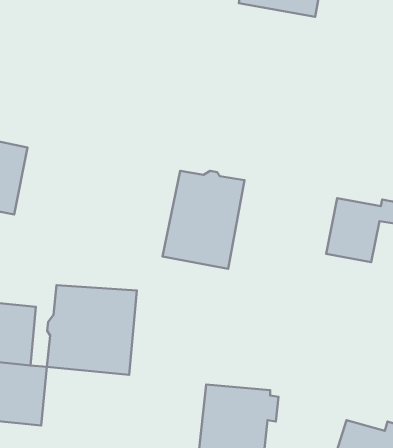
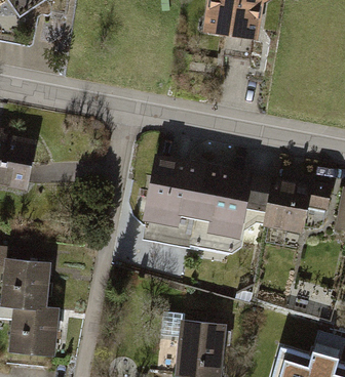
building: none -> [192,166,275,246]
building: [47,285,137,375] -> none

